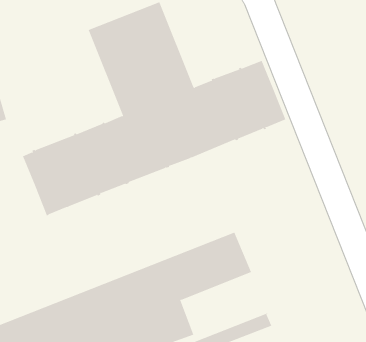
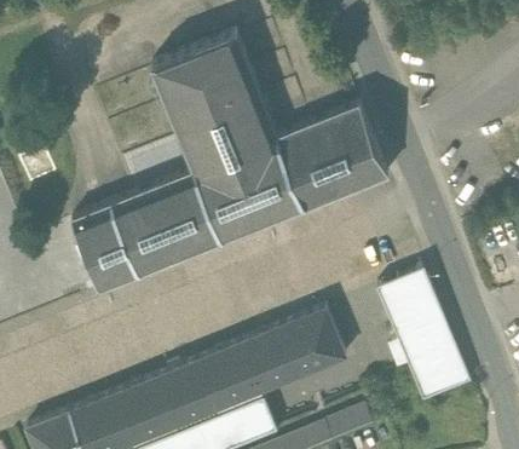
building: none -> [375,267,469,404]

